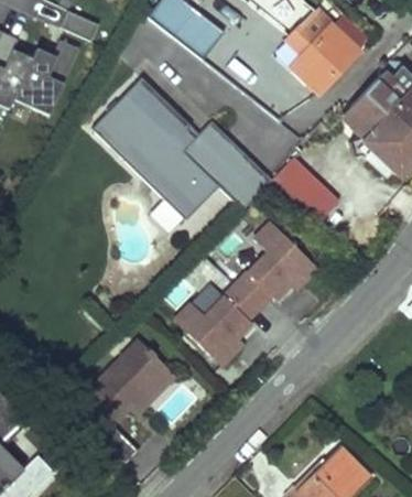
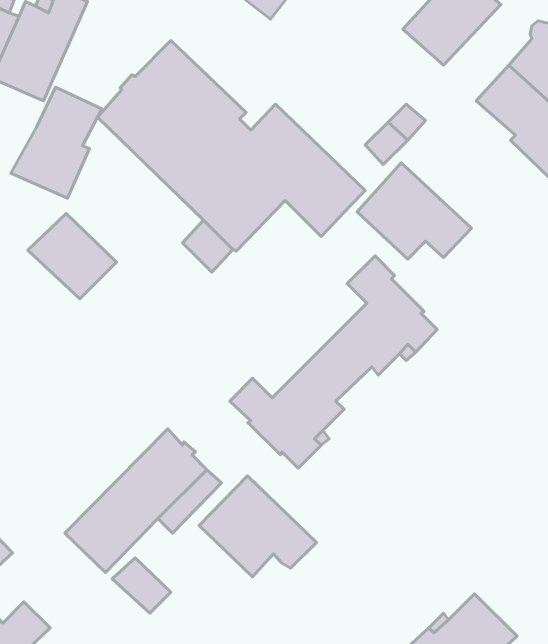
building: none -> [11,87,102,198]
building: none -> [28,213,117,299]
building: none -> [199,476,316,577]

